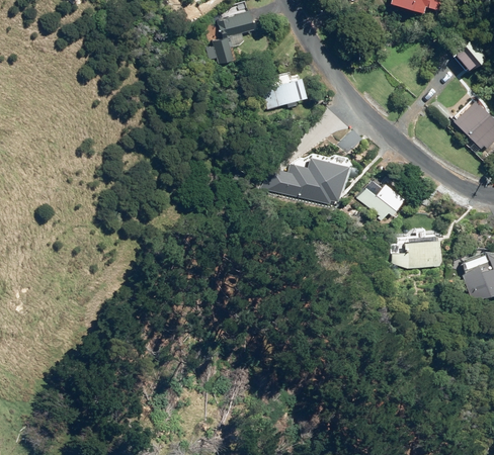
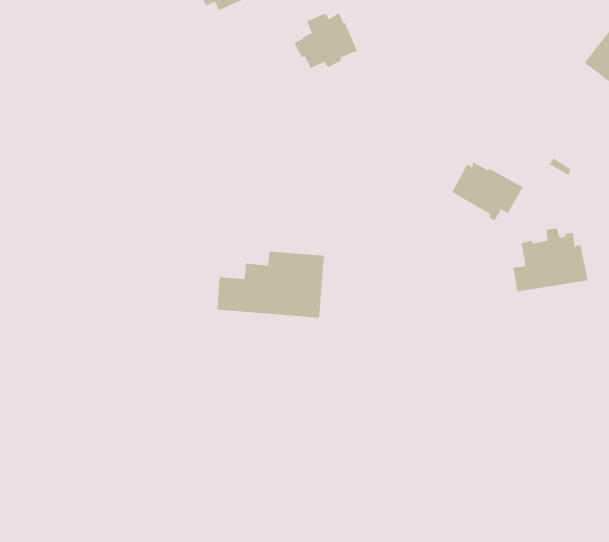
building: [267,153,342,200] -> [217,251,325,318]

